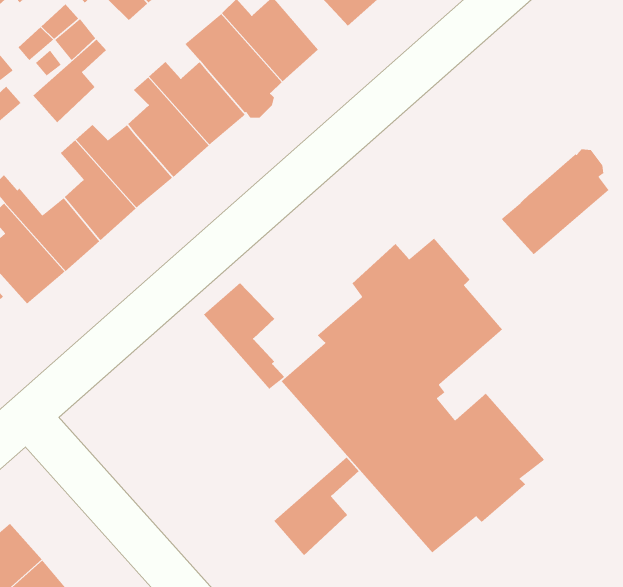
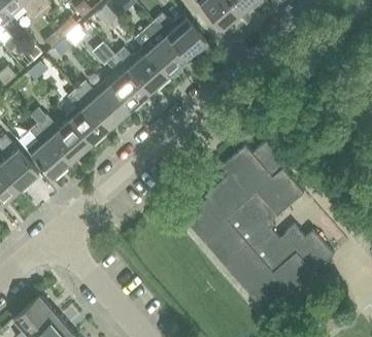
building: [33,39,107,123] -> none
building: [501,148,609,255] -> none
building: [203,282,285,390] -> none
building: [273,456,360,556] -> none

